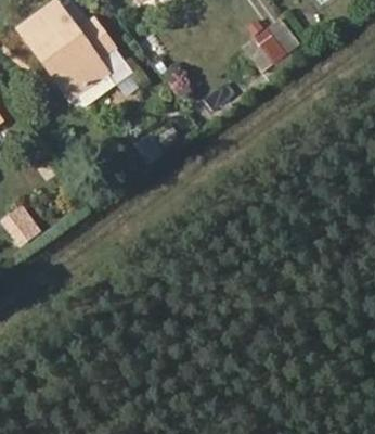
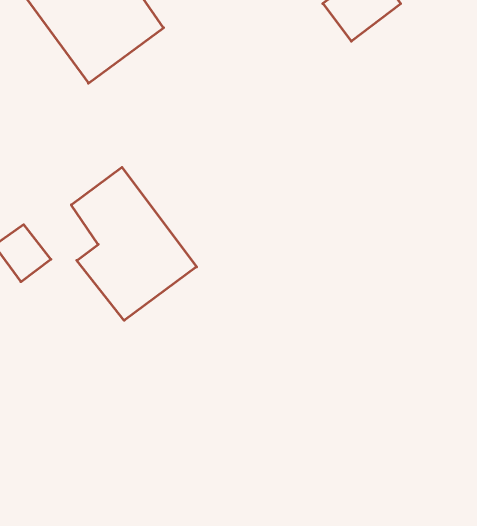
building: none -> [71,167,197,320]

